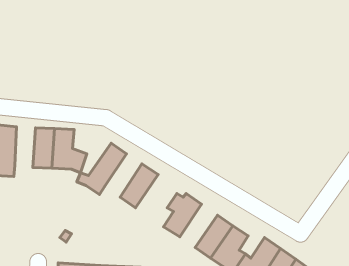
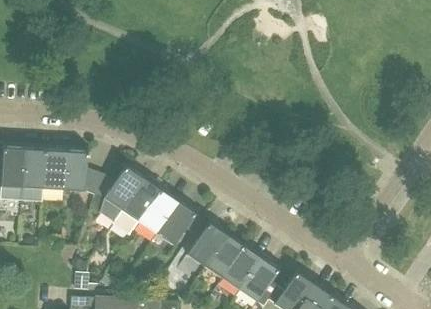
building: none -> [20,145,44,202]
building: none -> [115,175,162,232]
building: none -> [155,198,201,247]
building: none -> [204,231,246,279]

